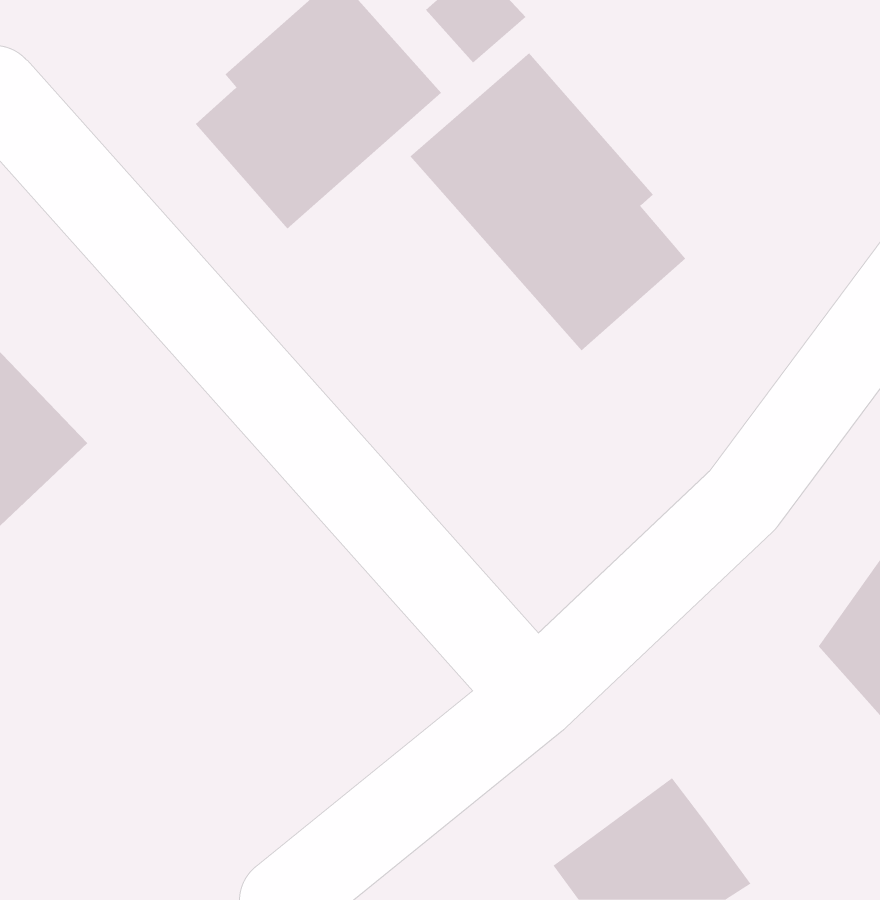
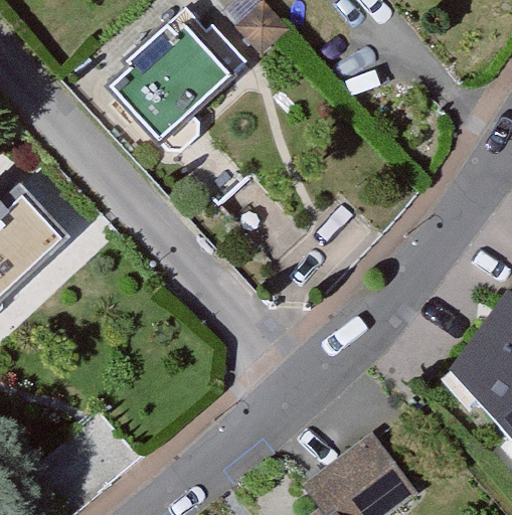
building: [410,52,686,351] -> none

